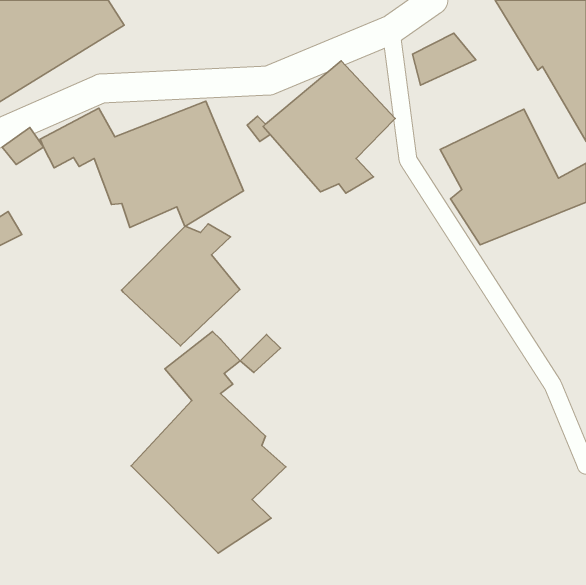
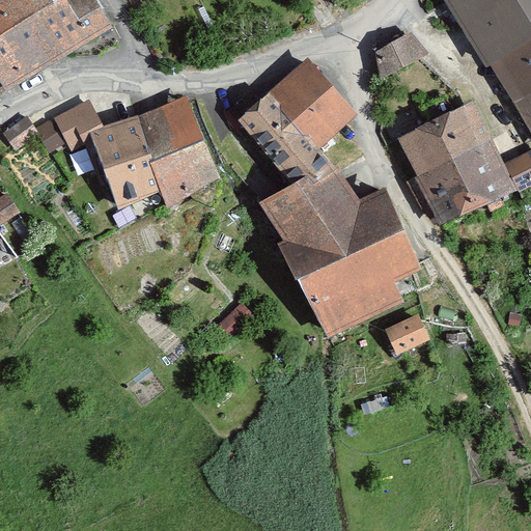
building: none -> [258,162,422,334]
building: [121,224,240,346] -> none
building: [131,331,286,553] -> none
building: none -> [386,314,429,353]

